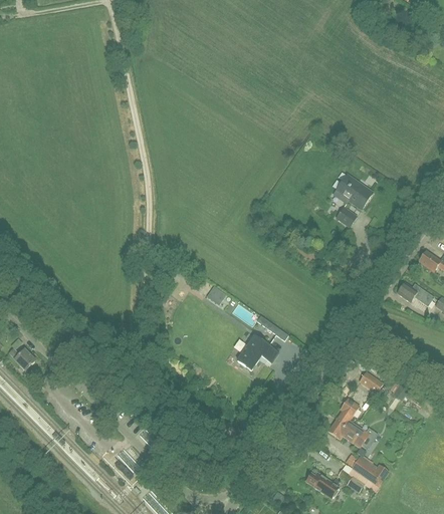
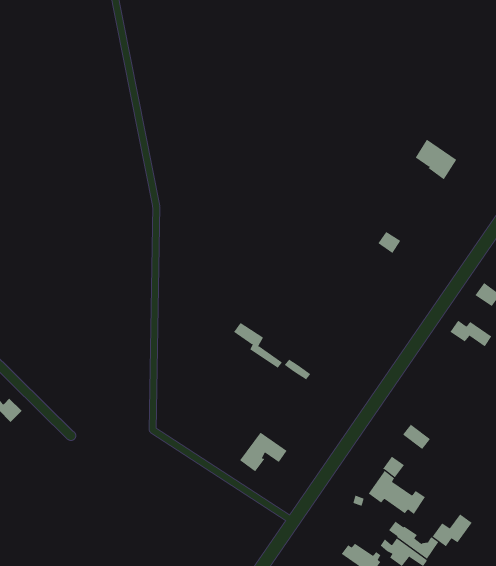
building: [336,173,372,208] -> [415,139,457,180]
building: [236,334,277,368] -> [239,432,288,472]
building: none -> [432,513,472,547]

